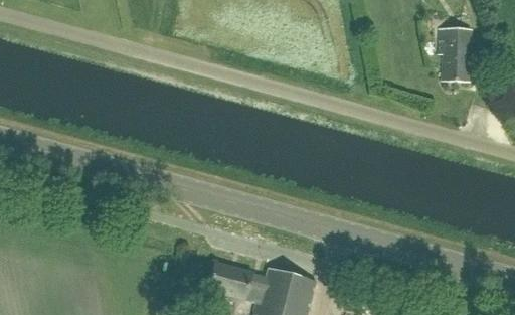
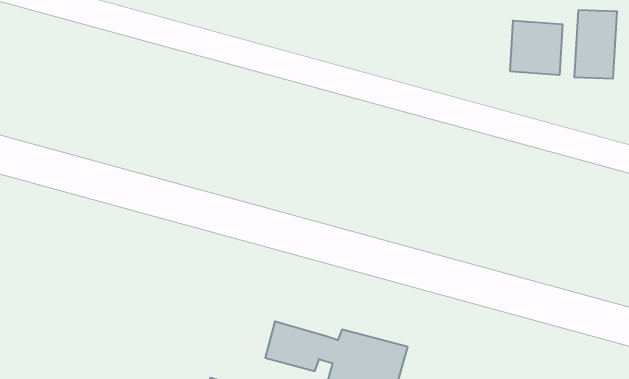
building: none -> [510,20,563,75]

